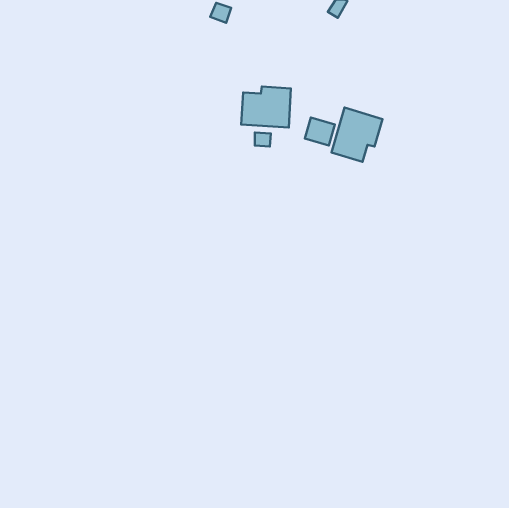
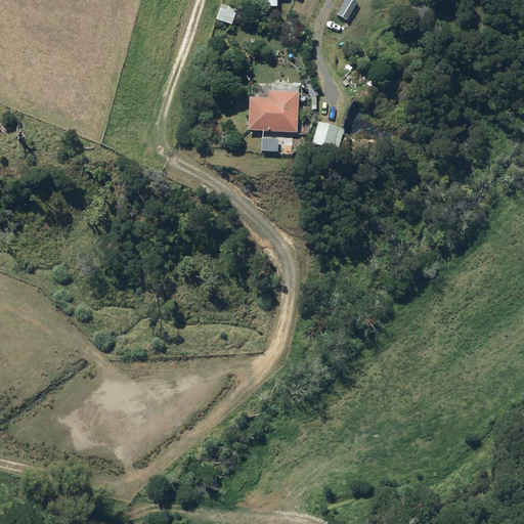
building: [331,108,382,162] -> none

